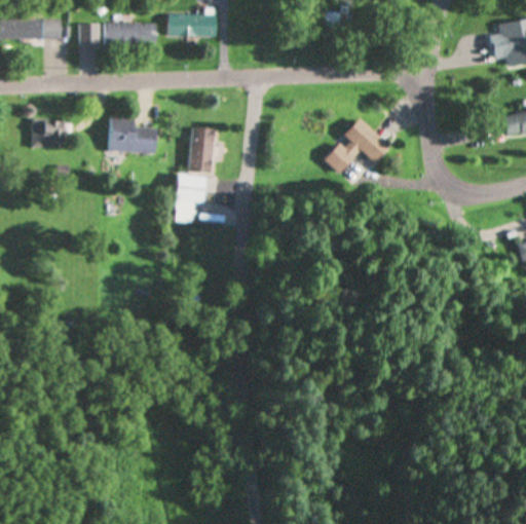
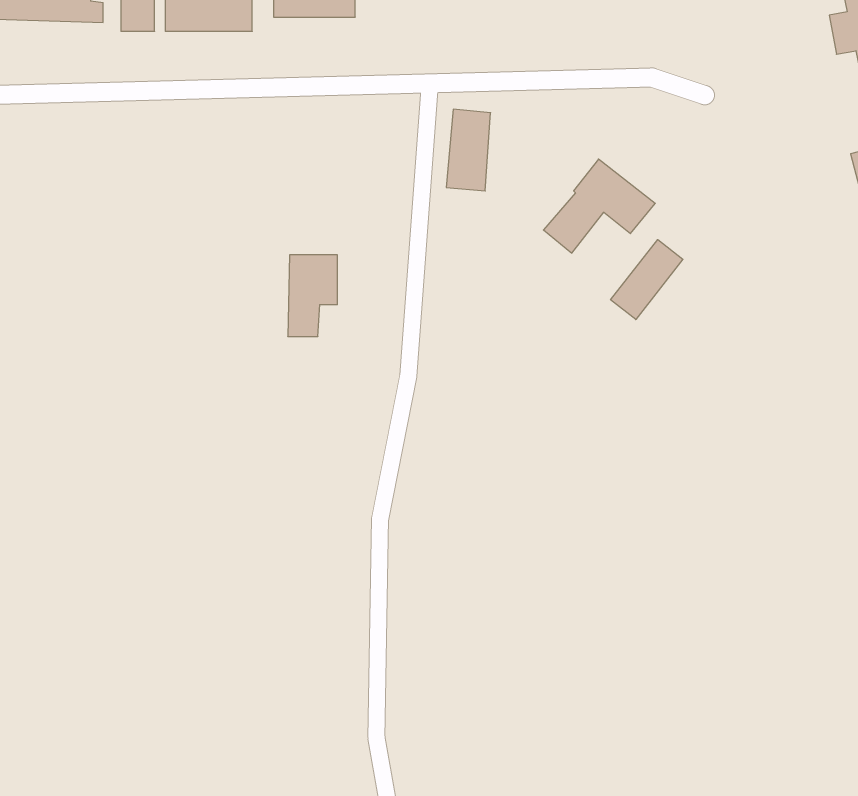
building: [109,118,156,154] -> none
building: [33,119,63,148] -> none
building: [189,127,215,175] -> [446,109,491,191]
building: none -> [611,240,683,320]

